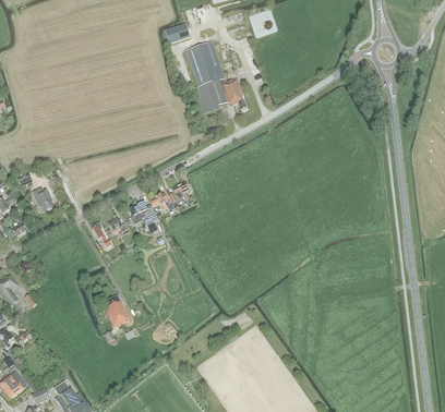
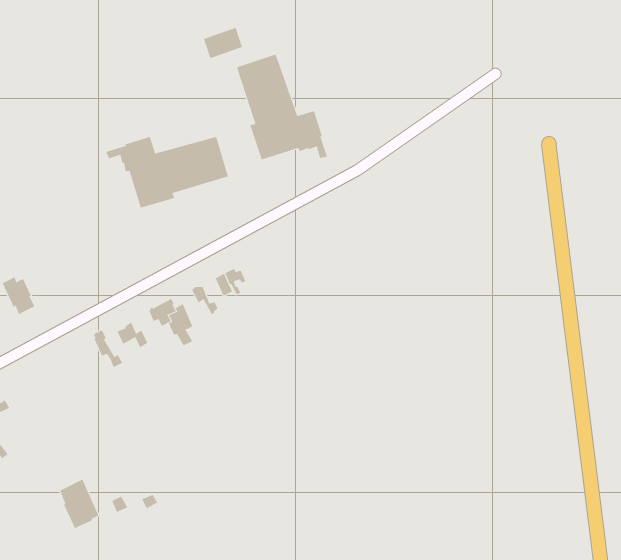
building: none -> [106,136,228,209]
building: [103,293,129,326] -> [59,479,99,529]

